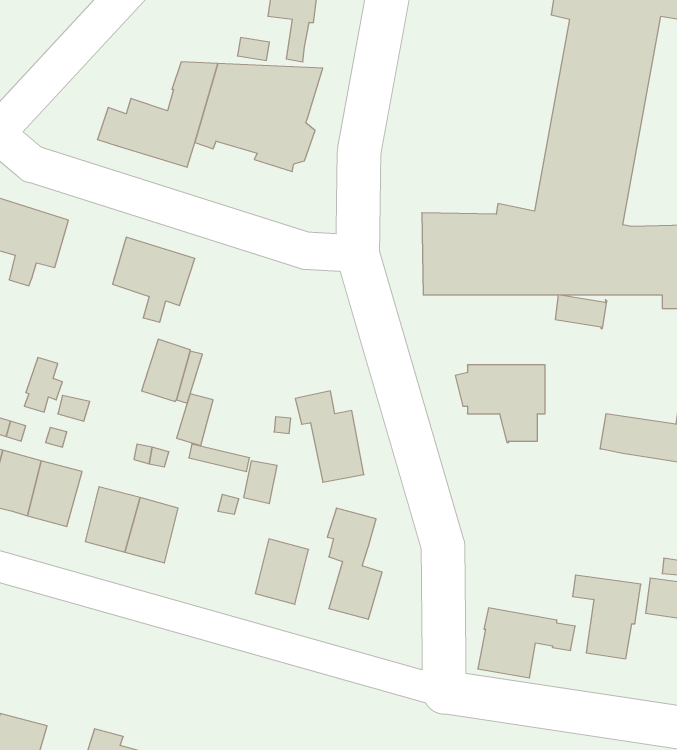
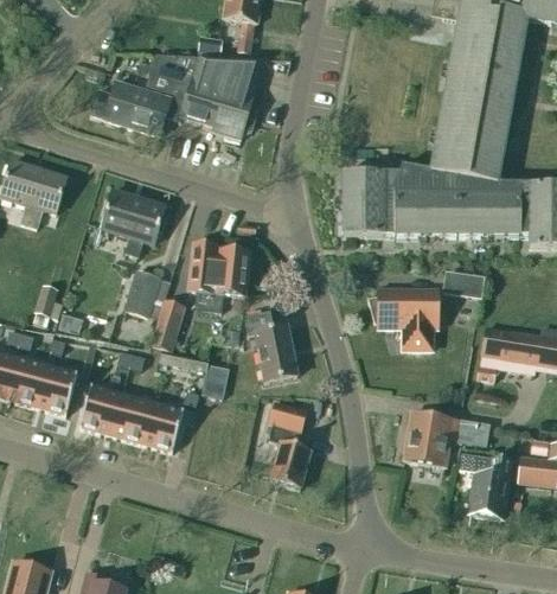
building: [555,295,607,328] -> [444,272,485,298]
building: none -> [190,242,250,312]
building: [255,539,309,604] -> [142,401,184,452]
building: [478,608,575,678] -> [404,411,480,466]

